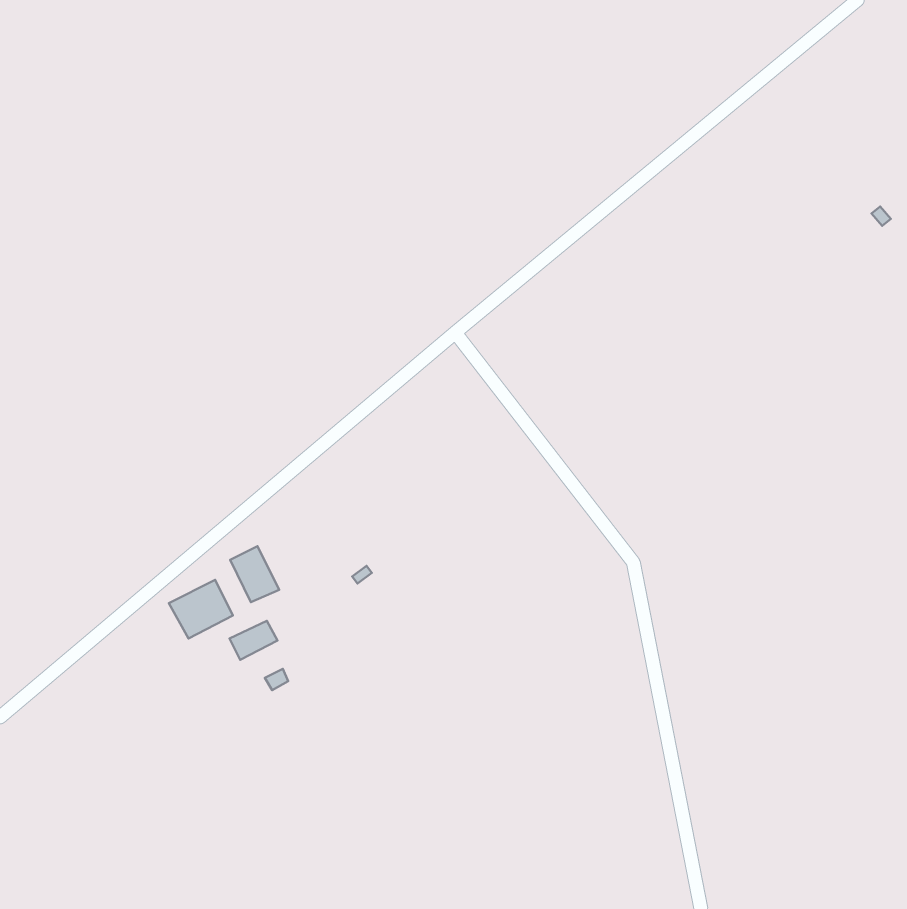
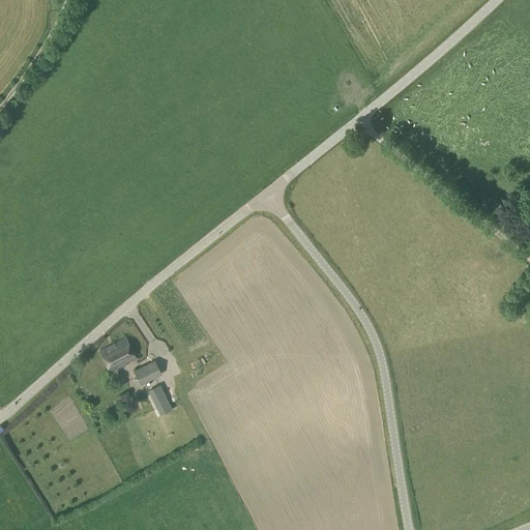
building: [230,546,279,602] -> none

